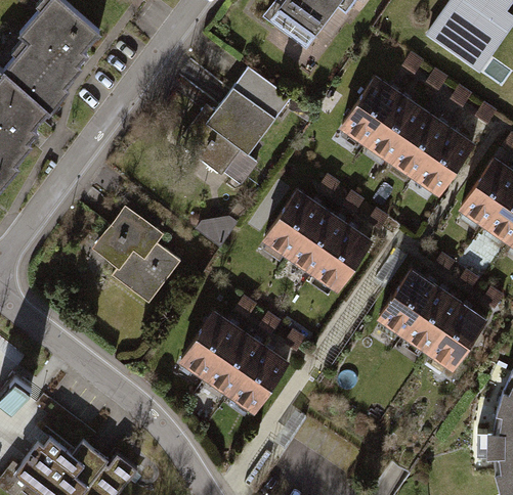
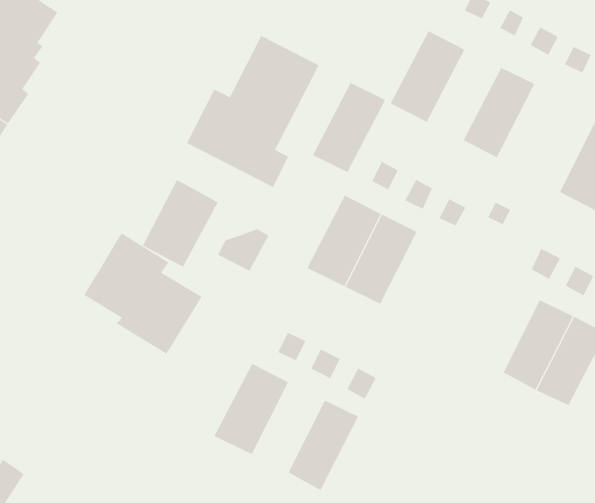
building: [366,94,426,163] -> [312,82,386,173]
building: [416,126,473,193] -> none
building: none -> [142,179,218,267]
building: [315,228,374,297] -> none
building: [377,273,436,342] -> none
building: [206,331,265,400] -> none

